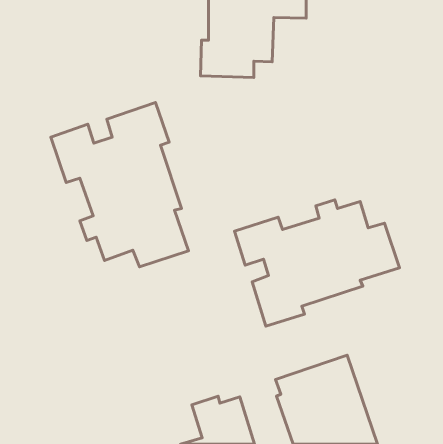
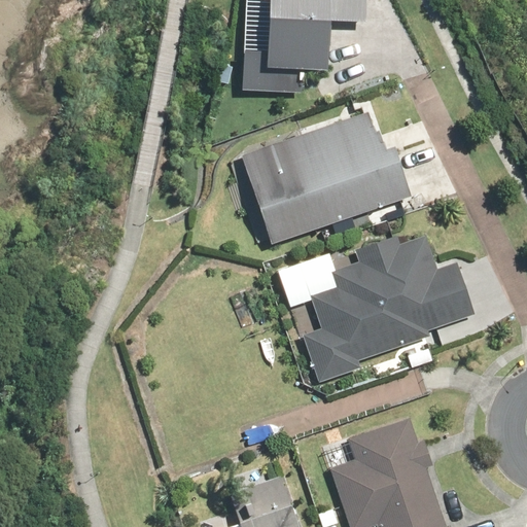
building: none -> [239,110,410,243]
building: [51,102,189,267] -> none

